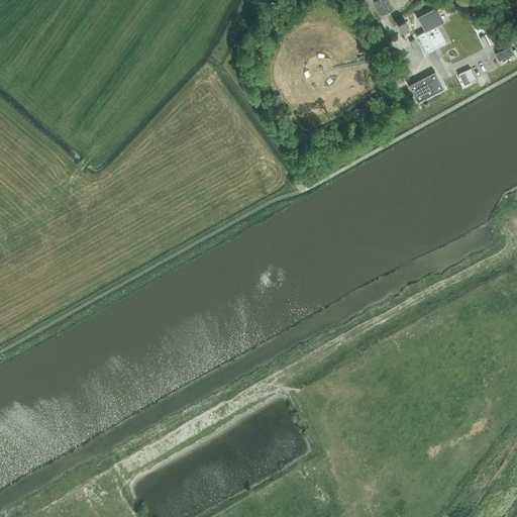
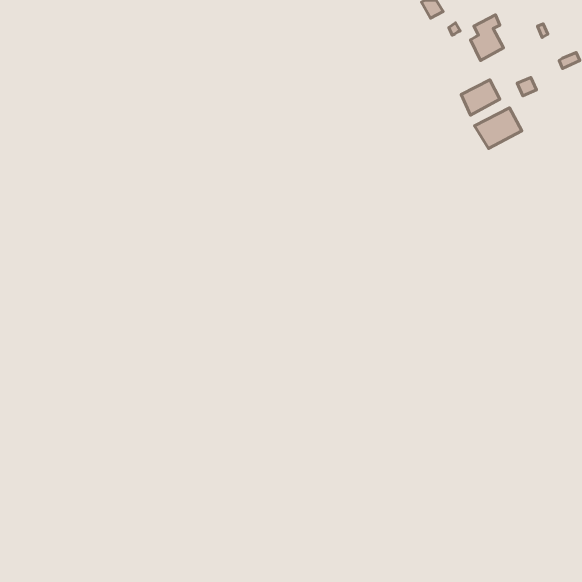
building: none -> [475,108,522,149]

